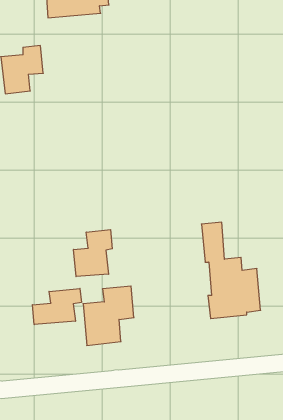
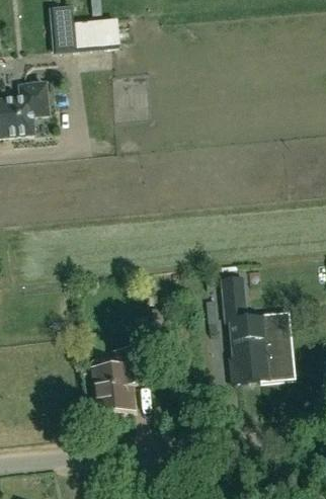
building: [74,230,112,277] -> none
building: [32,288,81,325] -> none

